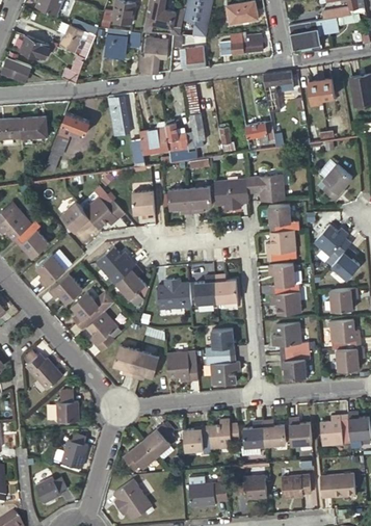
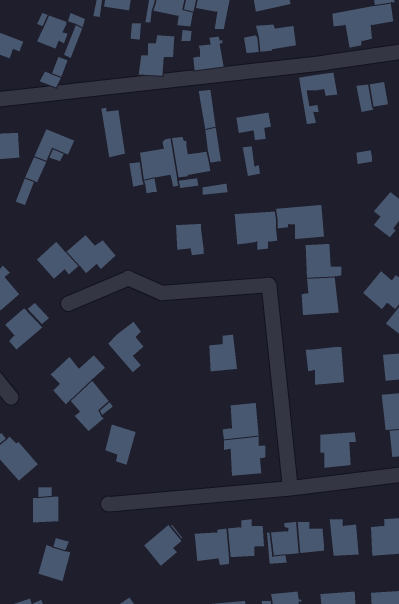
building: [106,35,128,57] -> none
building: [246,122,274,143] -> [236,112,272,140]
building: [189,186,212,212] -> none
building: [132,190,155,218] -> none
building: [96,246,136,277] -> none
building: [268,263,294,286] -> none
building: [48,273,82,303] -> none
building: [214,274,238,301] -> none
building: [157,279,191,308] -> none
building: [271,322,309,352] -> none
building: [131,350,159,379] -> none
building: [166,350,197,380] -> none
building: [123,439,157,469] -> none

